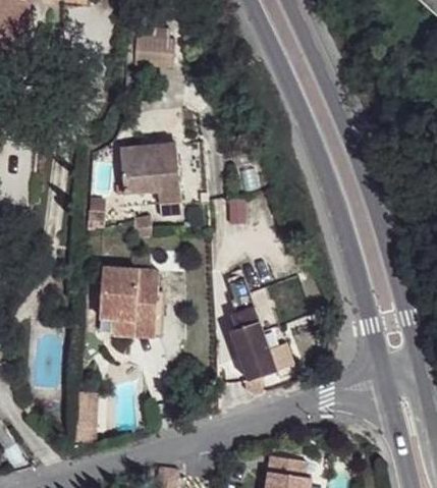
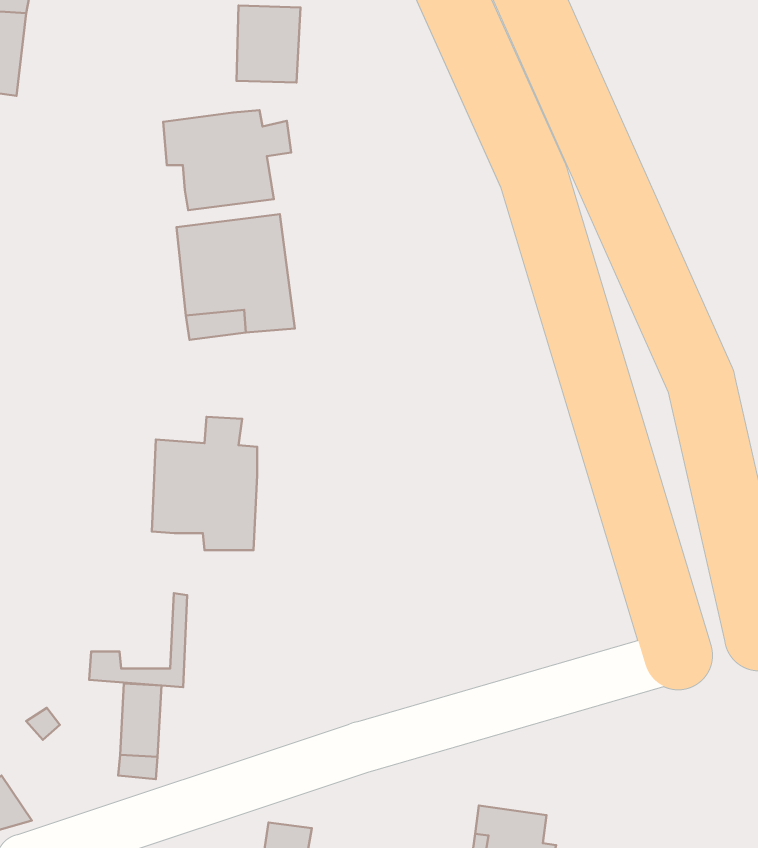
building: none -> [163,110,291,210]
building: [225,276,278,379] -> none
building: [109,280,162,331] -> [89,593,187,687]

